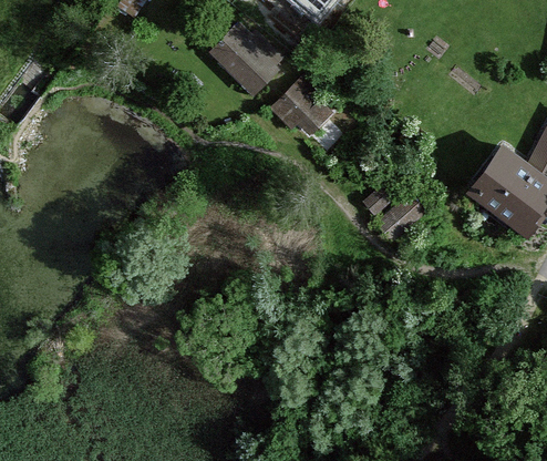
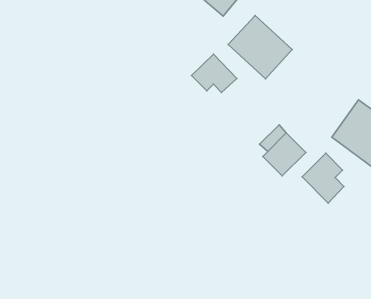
building: [204,16,291,102] -> [228,15,292,79]
building: none -> [302,153,344,203]

